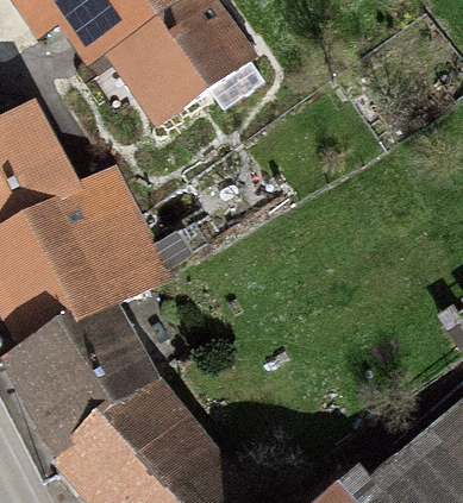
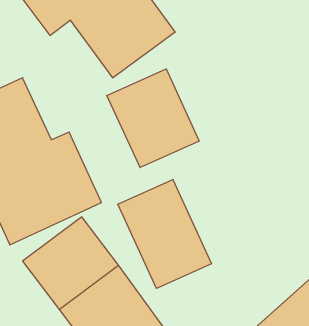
building: none -> [107,69,199,168]
building: none -> [118,179,212,288]

